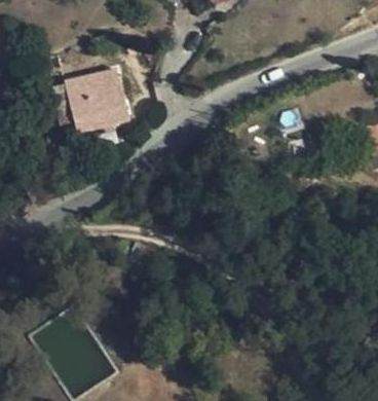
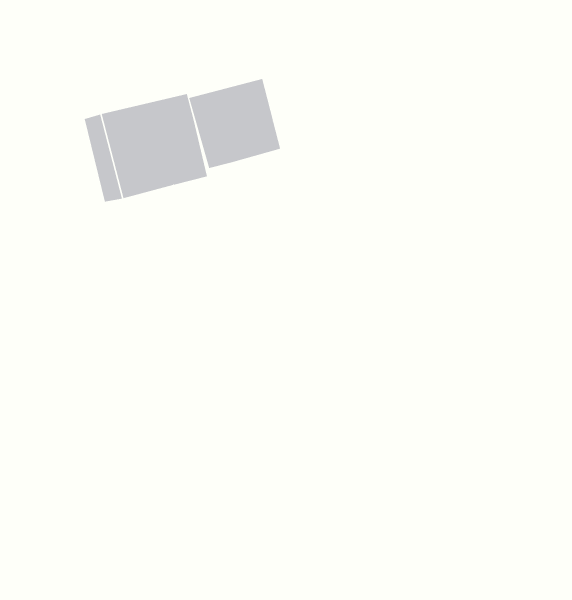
building: none -> [188,78,281,169]

